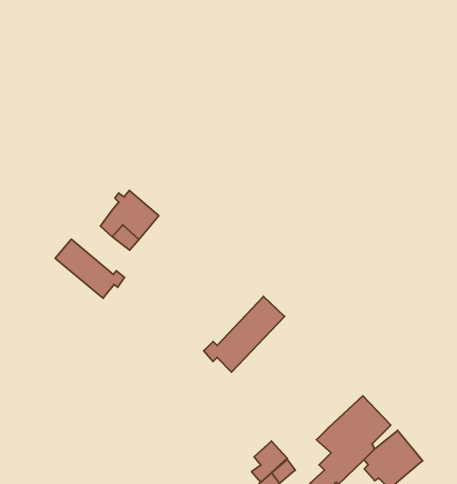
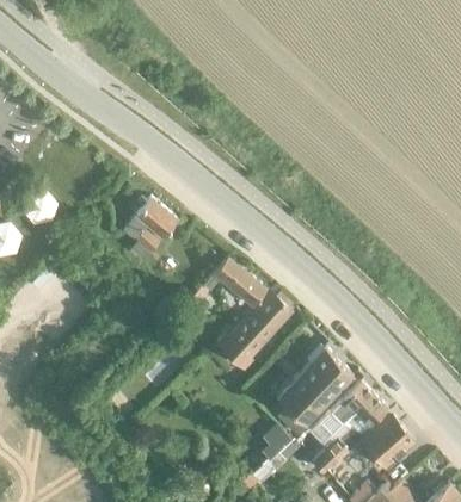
building: [55,239,125,298] -> none
building: none -> [202,256,265,306]
building: none -> [275,347,351,438]

